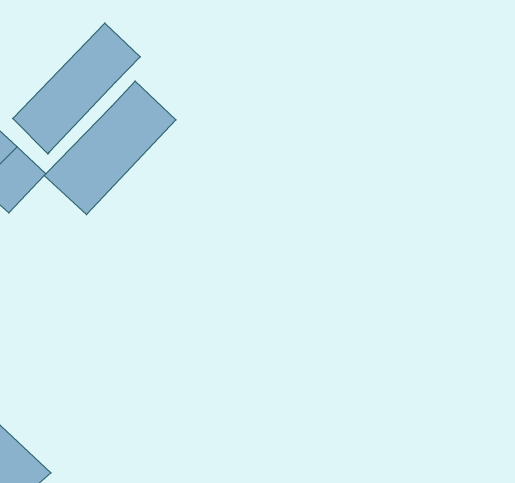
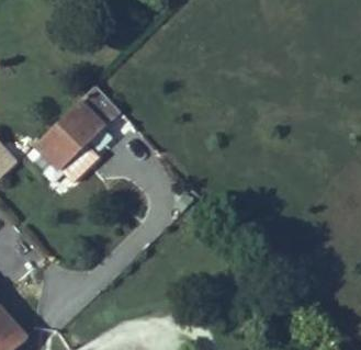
building: [13,23,140,154] -> none

